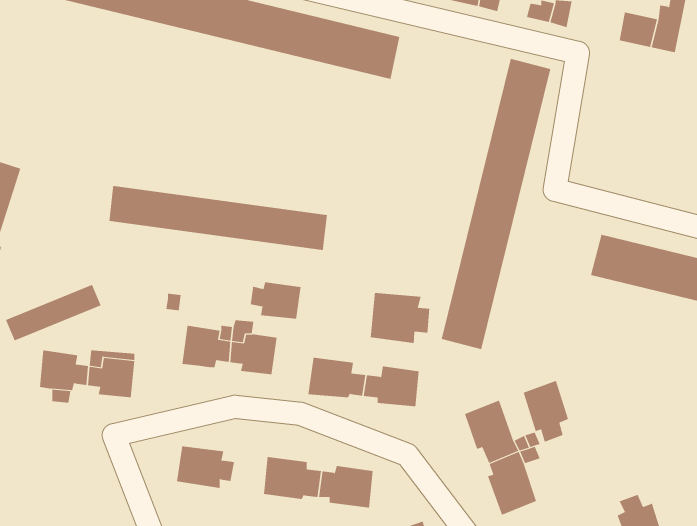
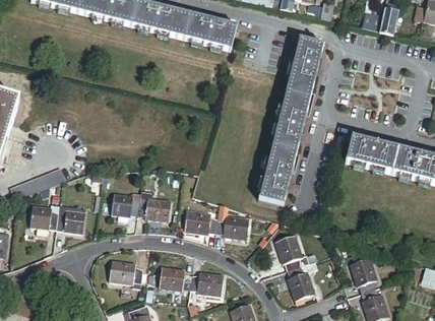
building: [109,185,327,251] -> none
building: [250,281,301,319] -> none
building: [370,292,430,344] -> none
building: [523,380,569,442] -> [349,256,375,292]

